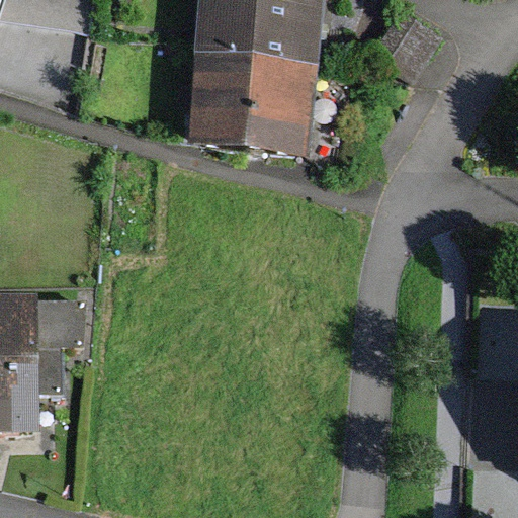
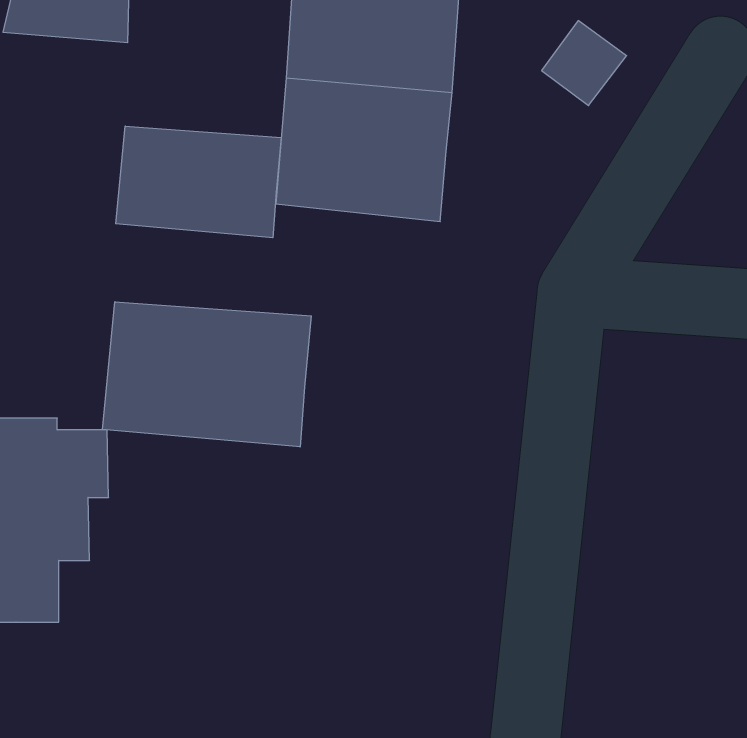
building: none -> [116,126,281,238]
building: none -> [103,302,311,447]

